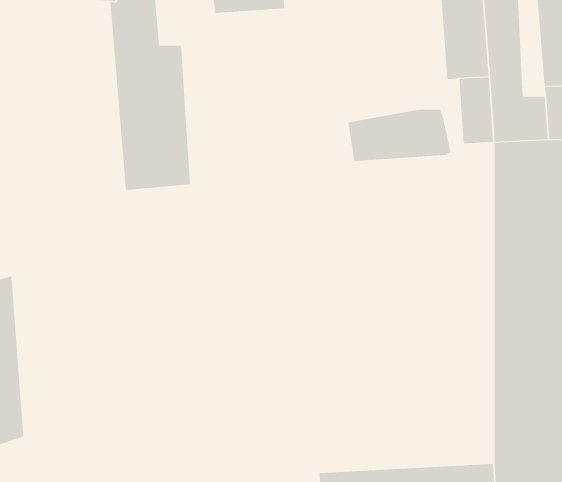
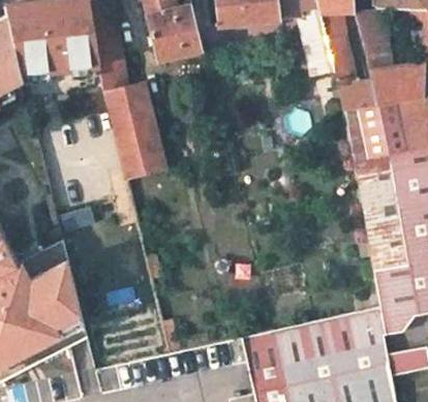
building: [348,109,451,162] -> none

